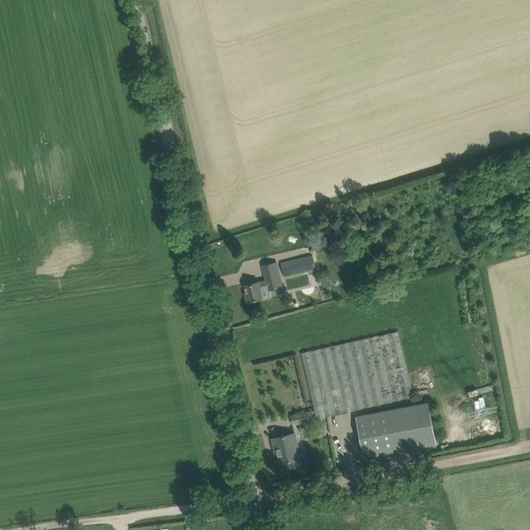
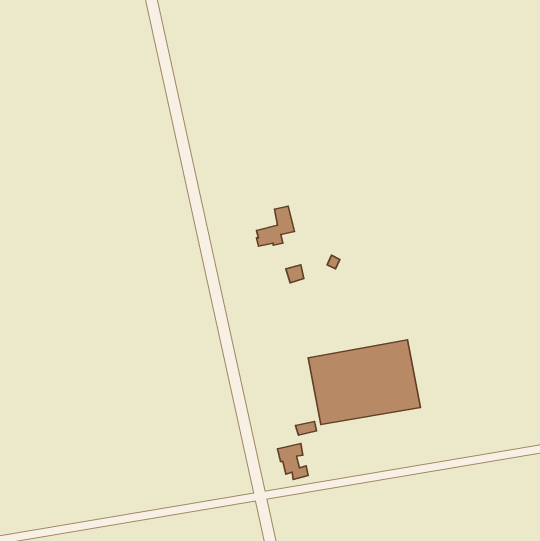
building: [244,262,282,301] -> [256,206,294,246]
building: [355,402,436,458] -> none

